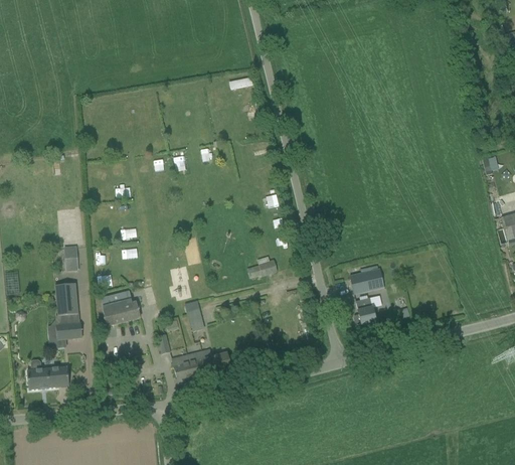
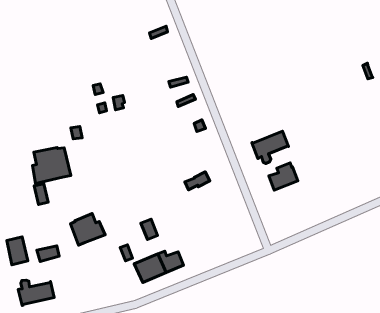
building: none -> [32,148,71,184]
building: none -> [252,131,288,164]
building: [55,283,77,315] -> [7,237,28,265]
building: [353,297,375,324] -> none

